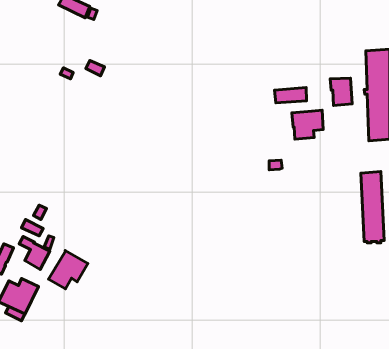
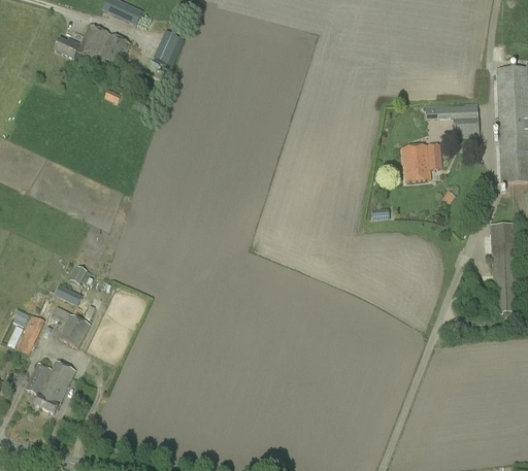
building: none -> [56,22,132,69]
building: none -> [150,30,180,63]
building: [274,88,307,103] -> none
building: [48,250,88,289] -> none

